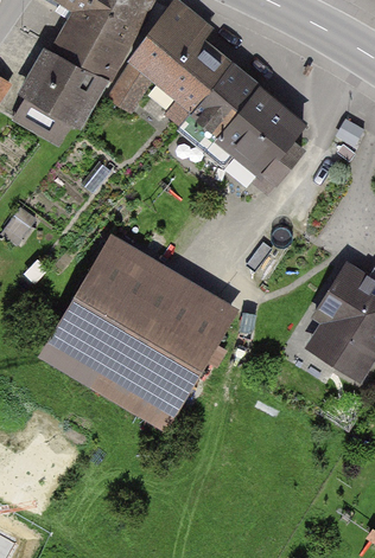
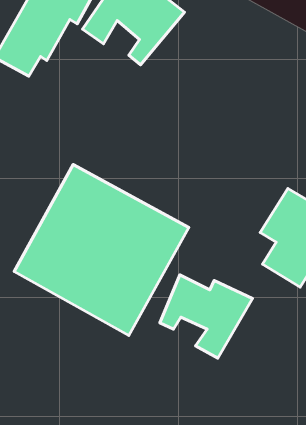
building: [182,66,304,185] -> none
building: none -> [160,275,252,358]

